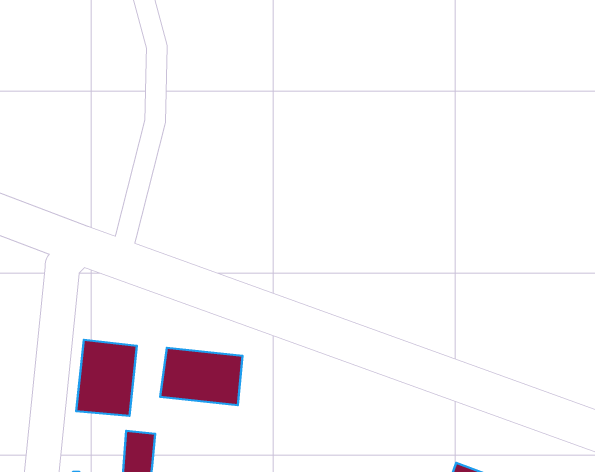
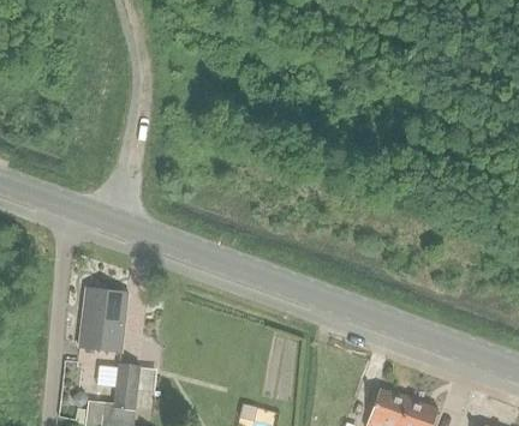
building: [160,348,243,405] -> none

